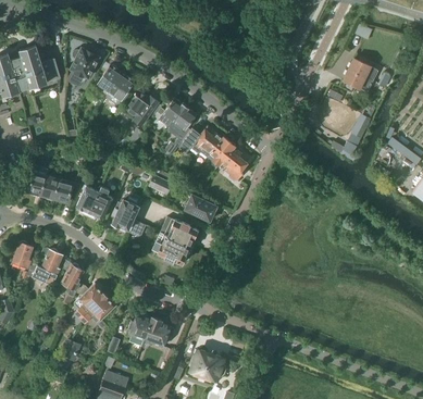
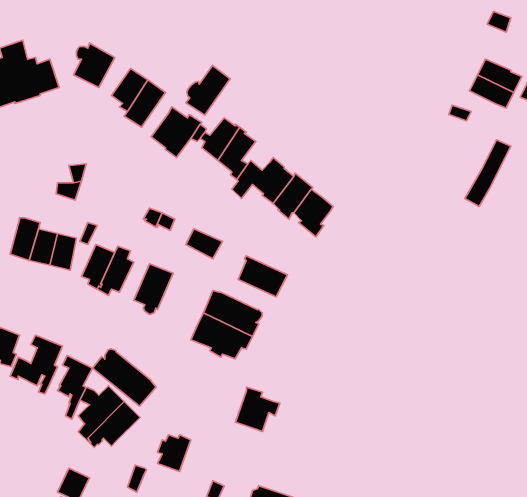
building: none -> [186,66,230,115]
building: none -> [93,349,156,406]
building: [144,316,174,347] -> [235,387,280,432]

